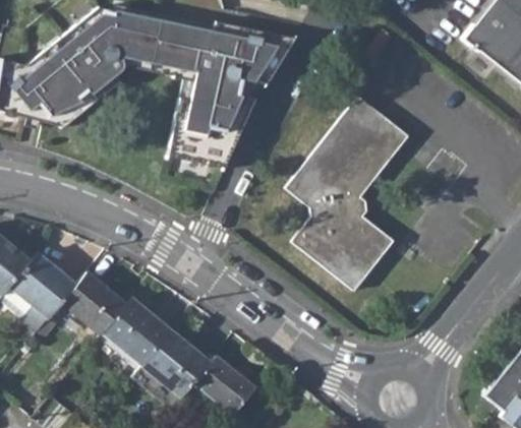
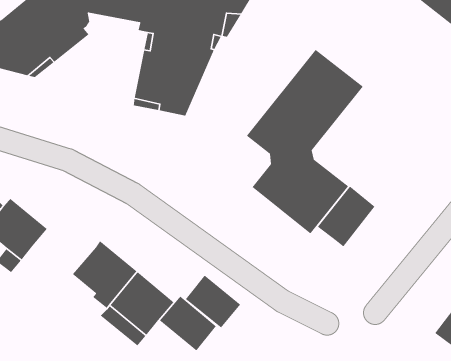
building: none -> [317,185,376,247]
building: [62,271,127,334] -> none
building: none -> [185,274,241,328]

